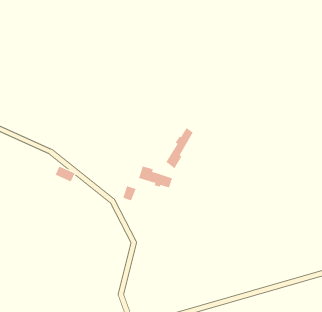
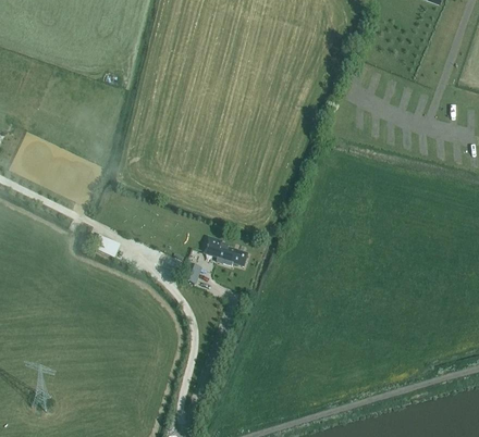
building: [166,127,194,169] -> none

